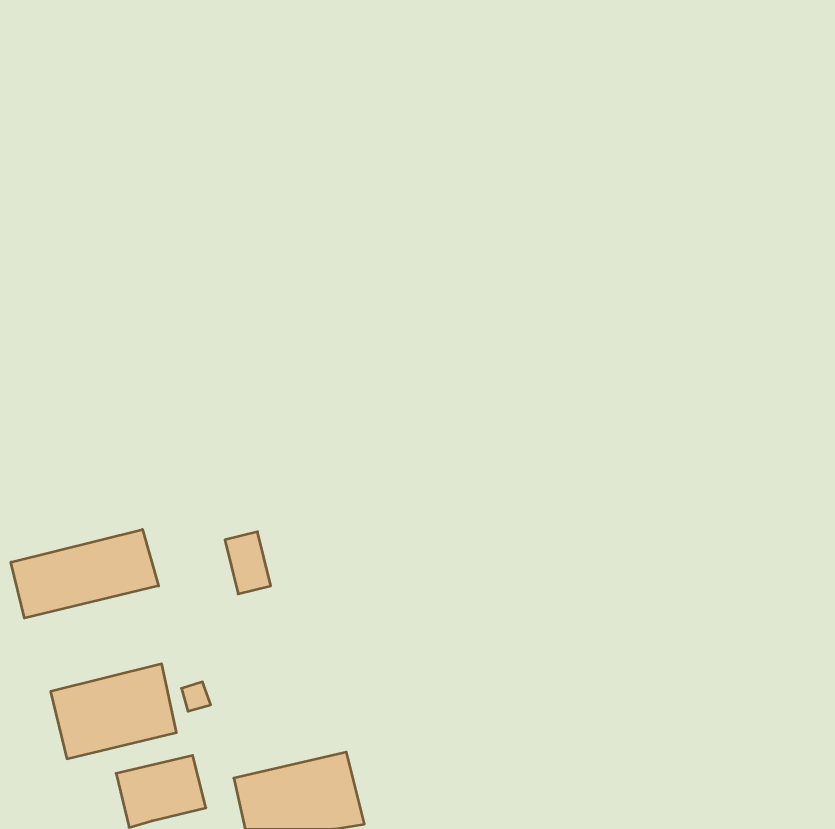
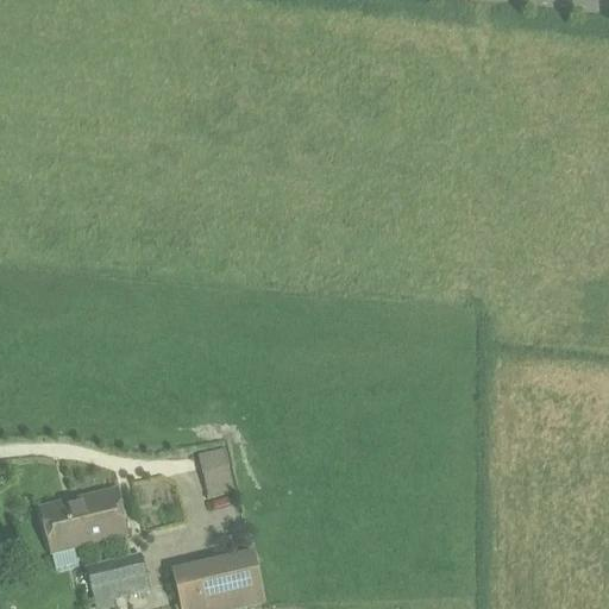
building: [11,529,159,618] -> none
building: [225,532,271,594] -> [199,446,232,491]

